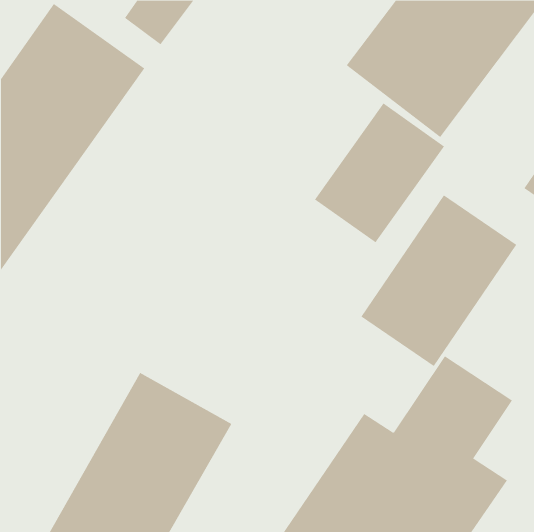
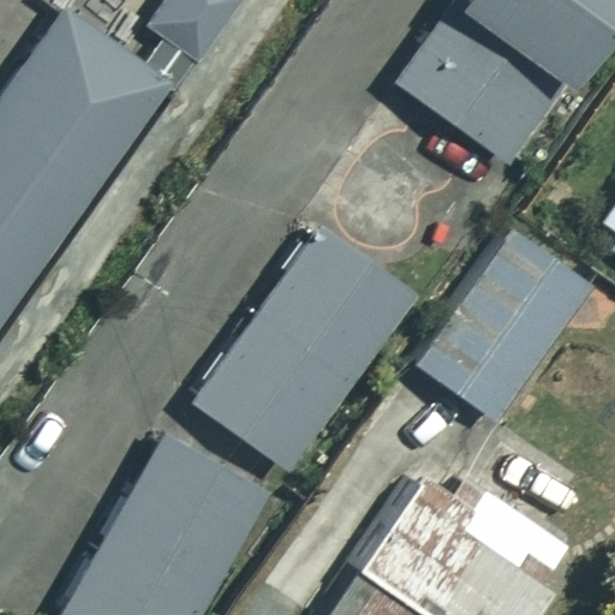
building: [314,103,445,243] -> none
building: none -> [192,226,413,470]

